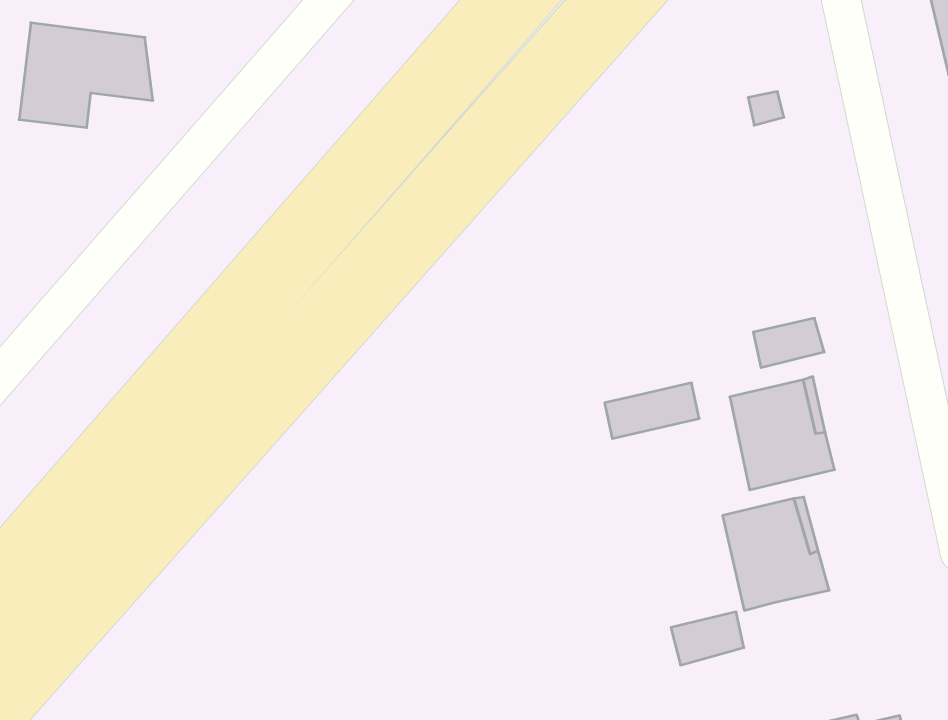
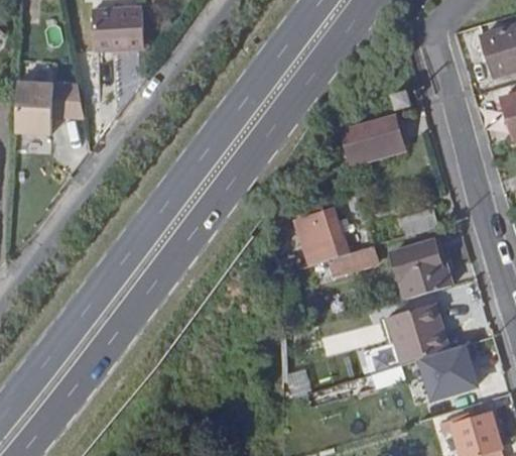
building: none -> [341,115,404,160]
building: none -> [293,208,347,264]
building: none -> [420,344,475,396]

